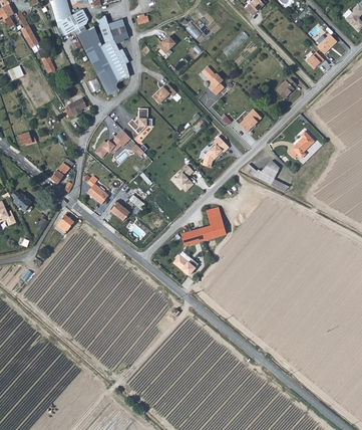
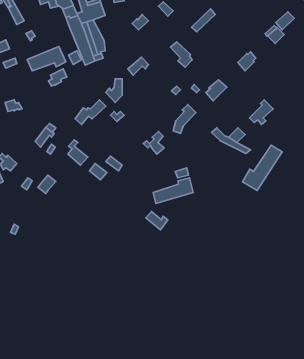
building: none -> [27,47,66,71]
building: none -> [243,145,282,190]

